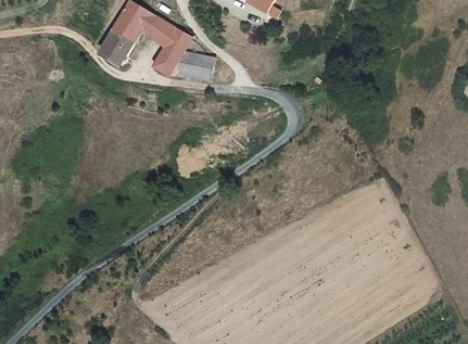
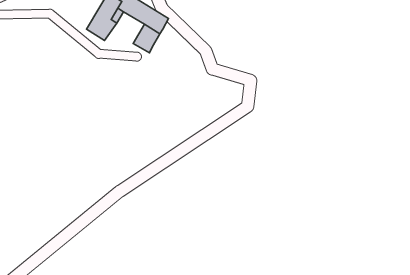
building: [174,50,215,81] -> none

